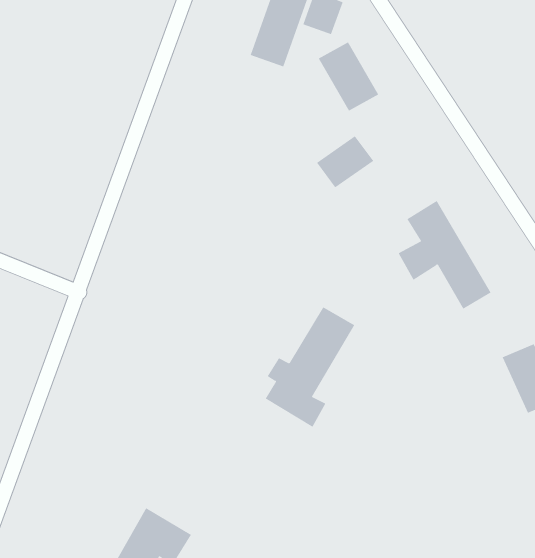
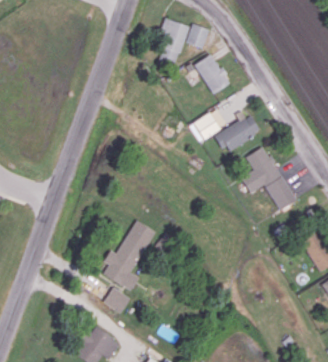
building: none -> [216,114,261,152]
building: [265,306,355,428] -> [102,220,155,291]
building: none -> [103,287,130,313]

